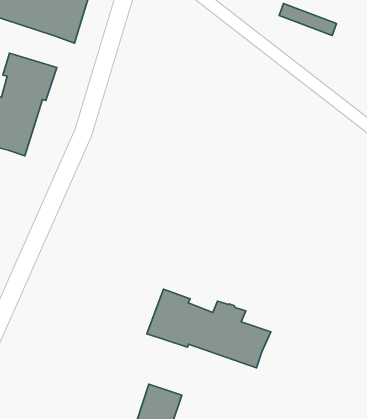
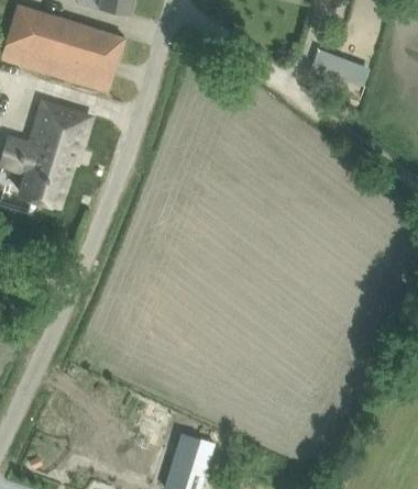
building: [147,289,271,368] -> none

